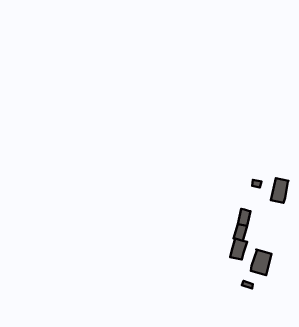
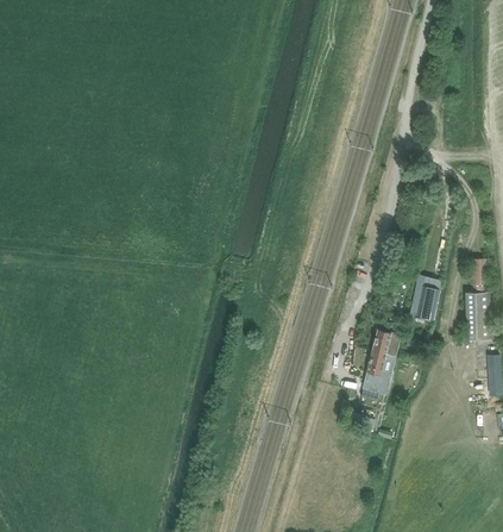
building: [251,249,271,275] -> none

